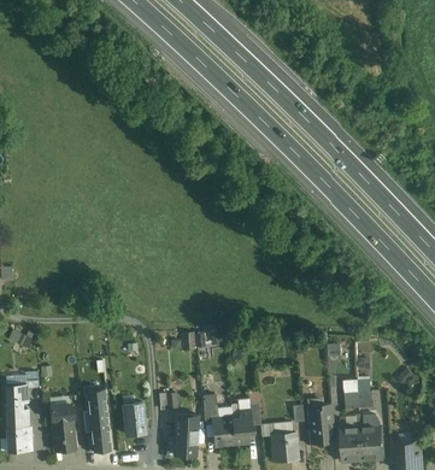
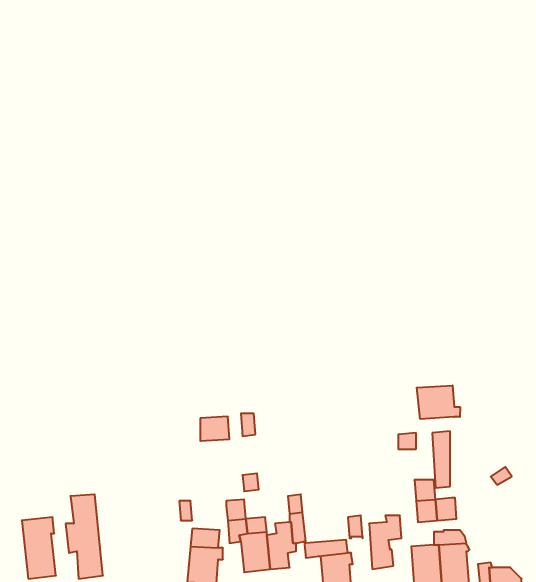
building: none -> [417,385,460,419]
building: [124,403,147,435] -> none

